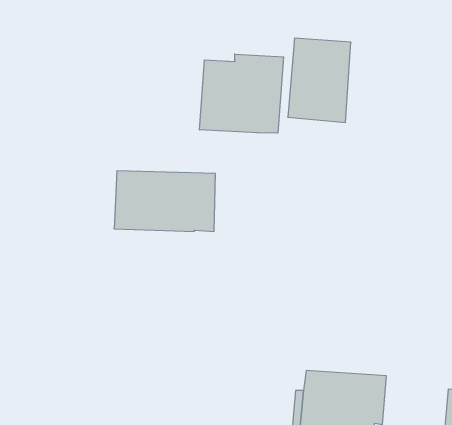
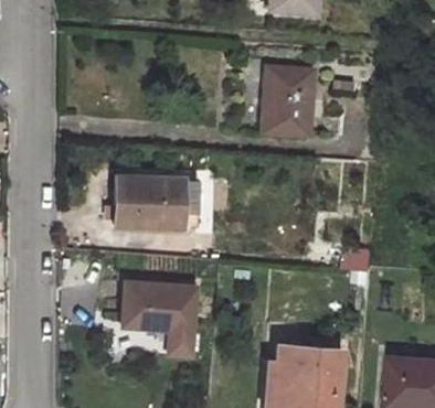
building: [200,54,284,133] -> none
building: none -> [123,281,195,354]

